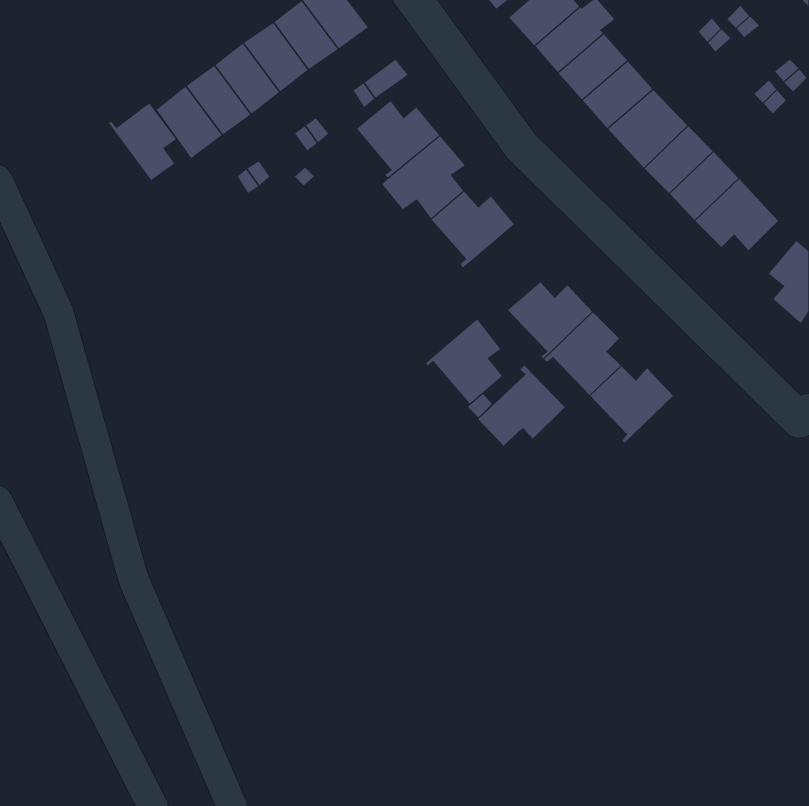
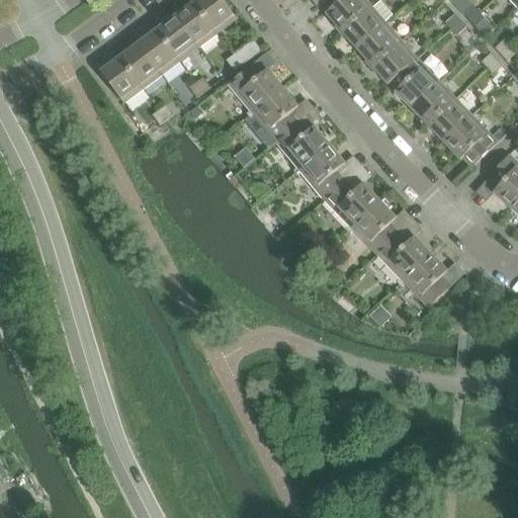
building: [108,103,177,181] -> none
building: [425,319,503,404] -> [294,143,344,197]
building: [477,365,566,447] -> none
building: none -> [398,252,447,306]

